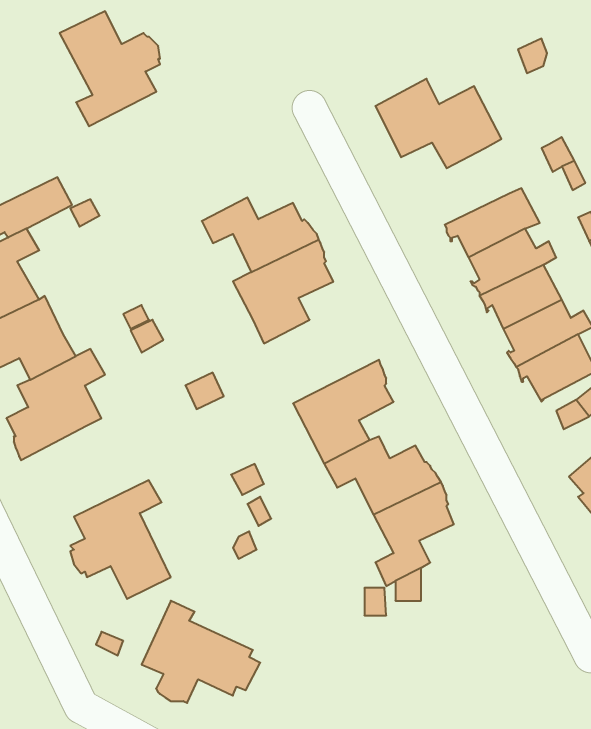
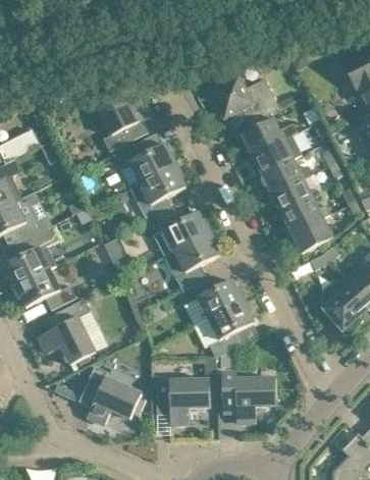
building: [60,11,160,126] -> [94,87,150,151]
building: none -> [242,113,298,156]
building: none -> [148,209,212,256]
building: none -> [12,268,76,310]
building: none -> [222,373,276,424]
building: none -> [156,375,210,425]

